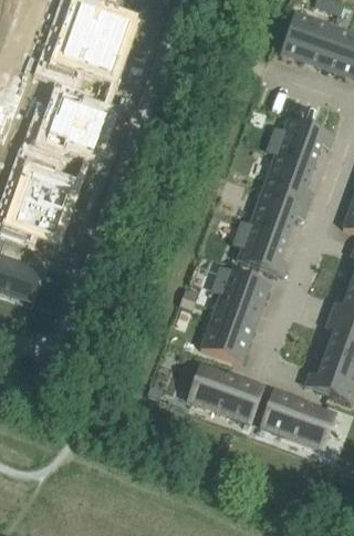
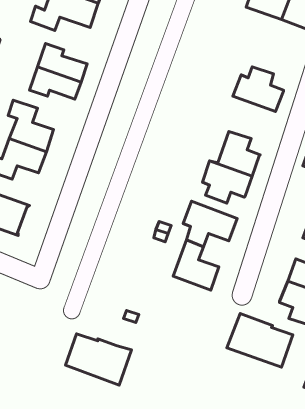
building: [262,151,313,197] -> none
building: [192,367,264,423] -> [65,334,131,385]

